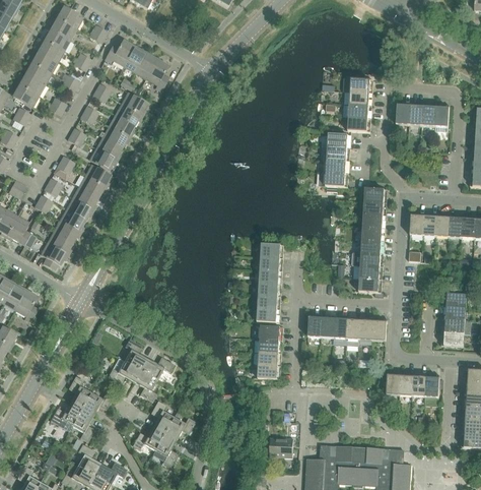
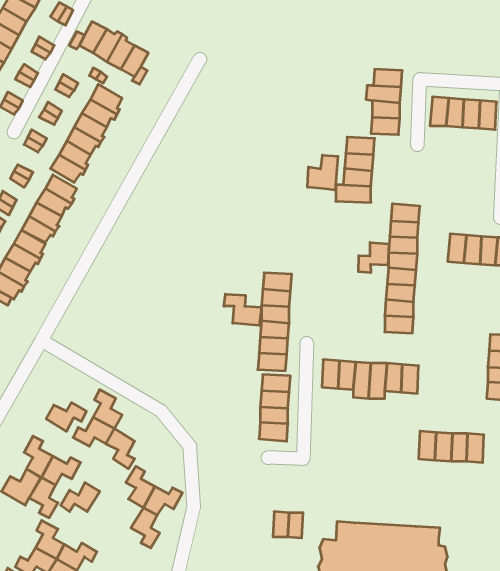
building: none -> [308,155,338,190]
building: none -> [358,242,389,273]
building: none -> [224,294,262,325]
building: [140,357,173,380] -> [46,403,86,431]
building: [132,427,163,450] -> [61,483,100,512]

